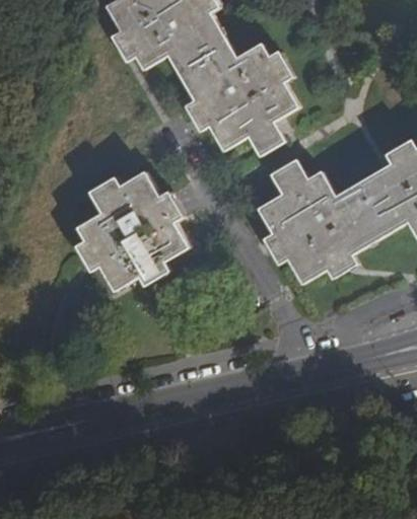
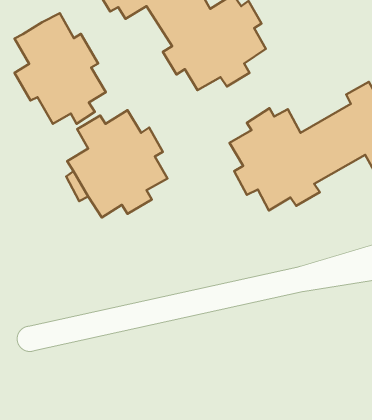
building: none -> [15,13,106,124]

